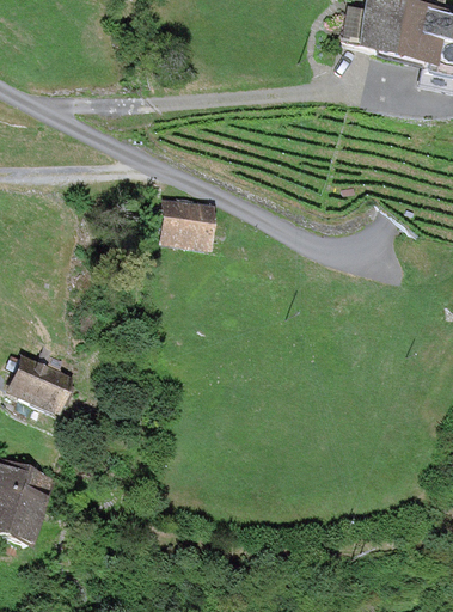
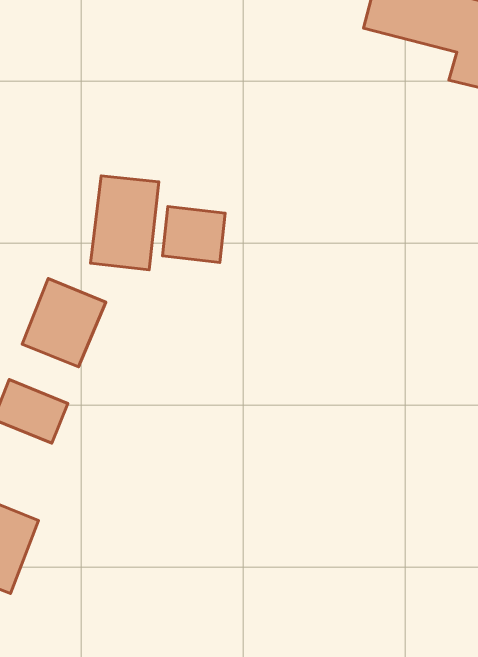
building: none -> [90,176,159,270]
building: none -> [22,279,106,367]

